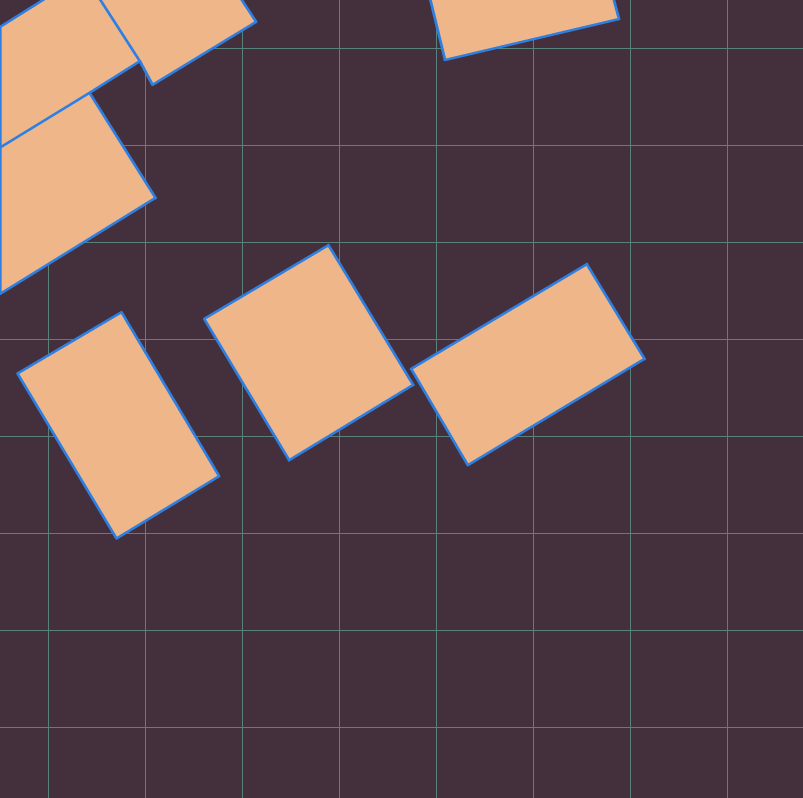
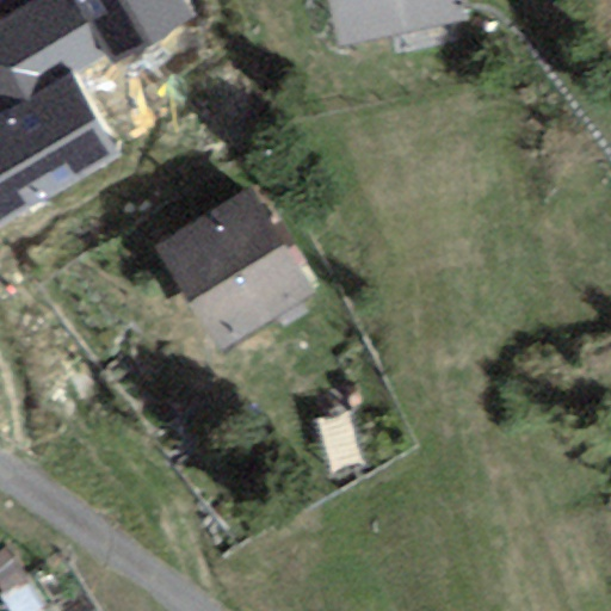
building: [411,264,645,465] -> none
building: [18,312,219,538] -> none

